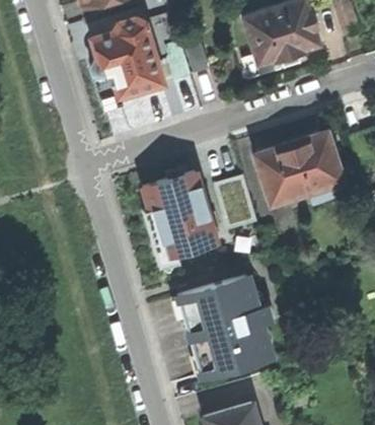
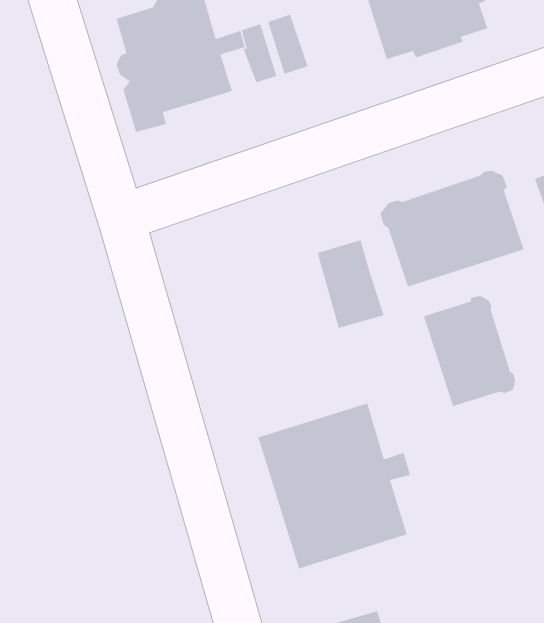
building: [146,172,216,257] -> none
building: none -> [423,295,516,407]

